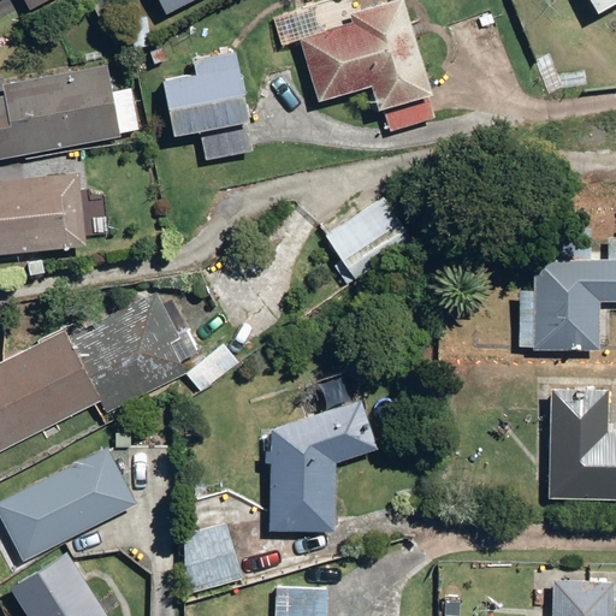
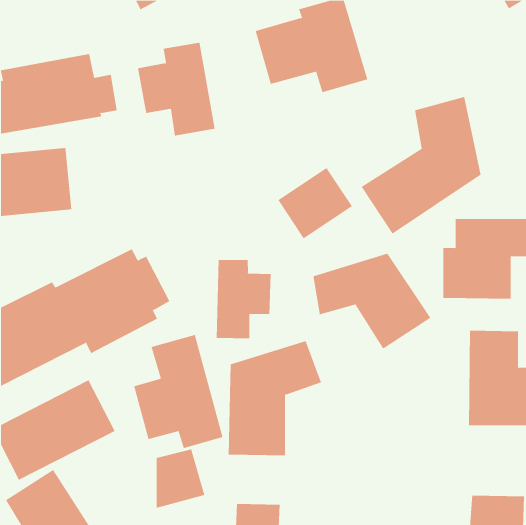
building: none -> [361,96,481,234]
building: none -> [313,253,431,350]
building: none -> [216,259,271,339]
building: none -> [134,334,223,449]

